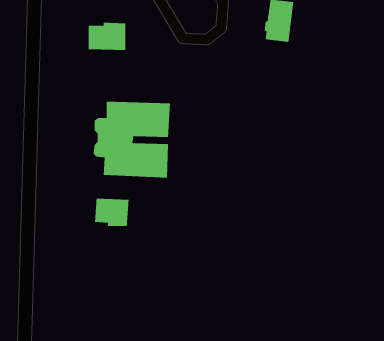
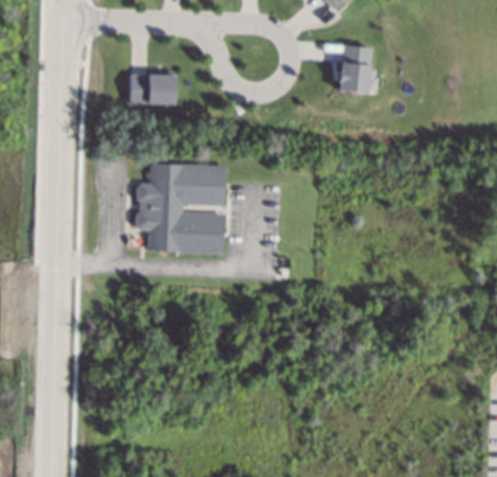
building: [94,198,129,227] -> none

